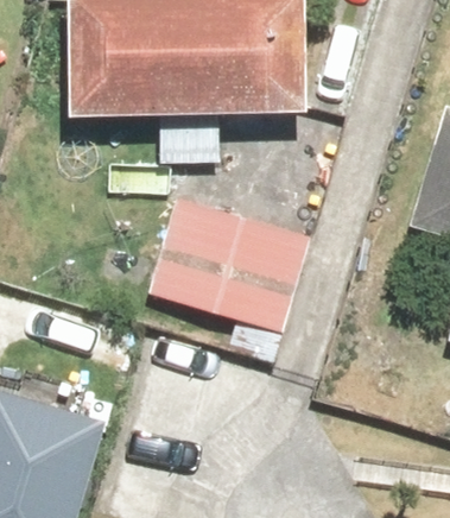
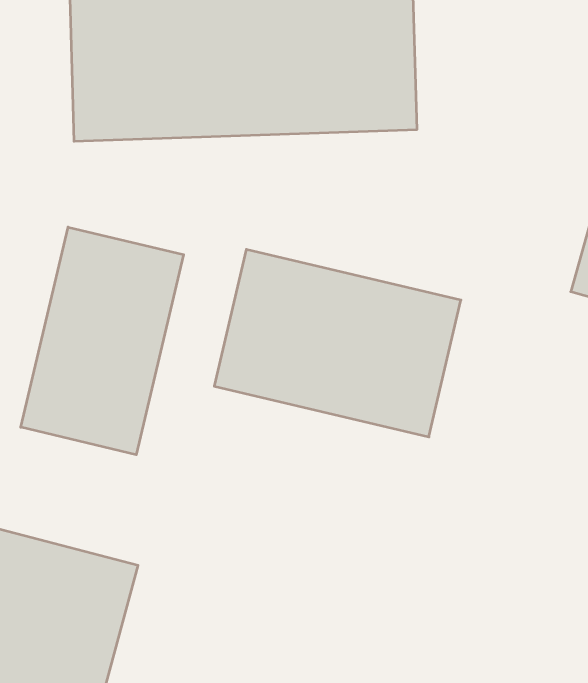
building: none -> [21,227,184,455]

